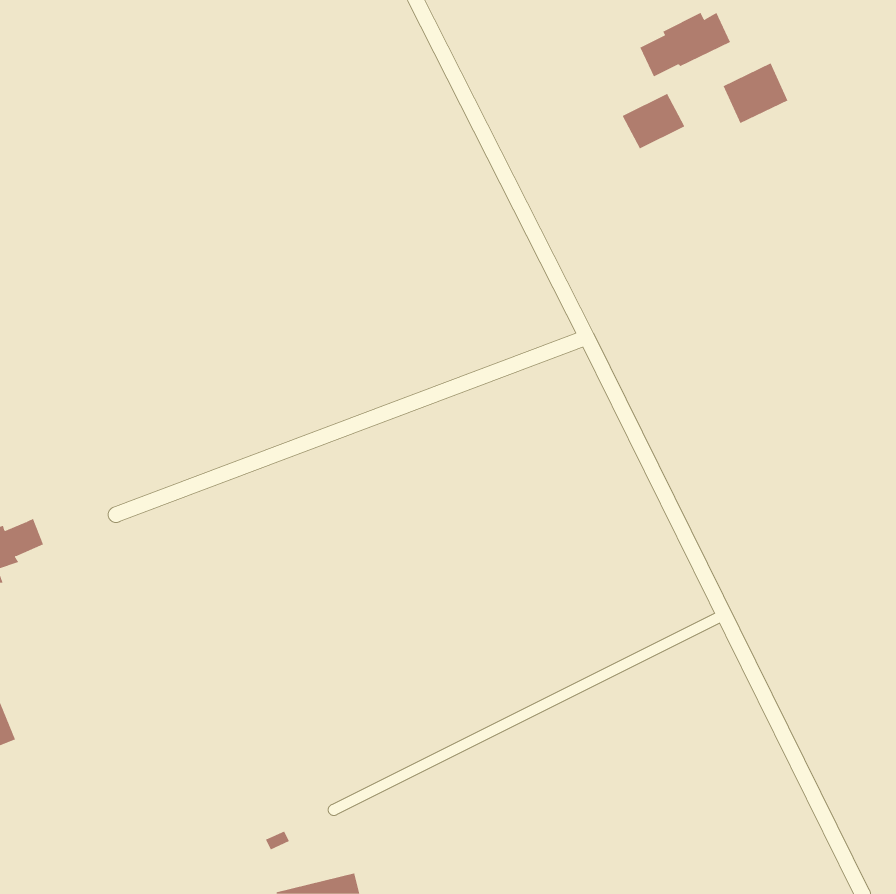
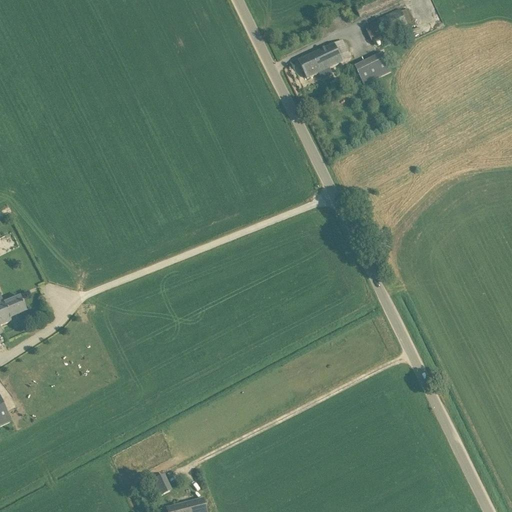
building: [723,63,788,124] -> none
building: none -> [297,38,350,78]

